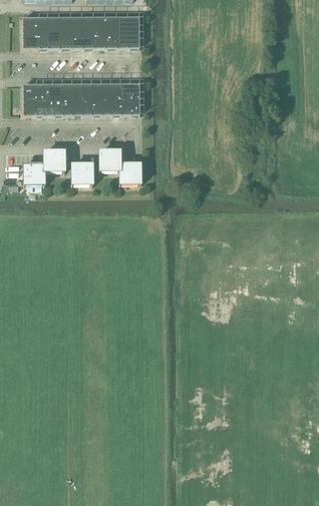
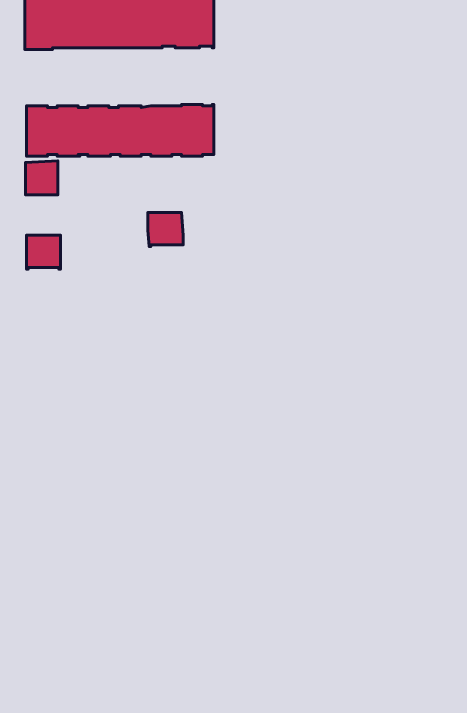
building: [44,150,64,171] -> [25,161,58,195]
building: [119,163,140,184] -> none
building: [71,164,92,185] -> none

